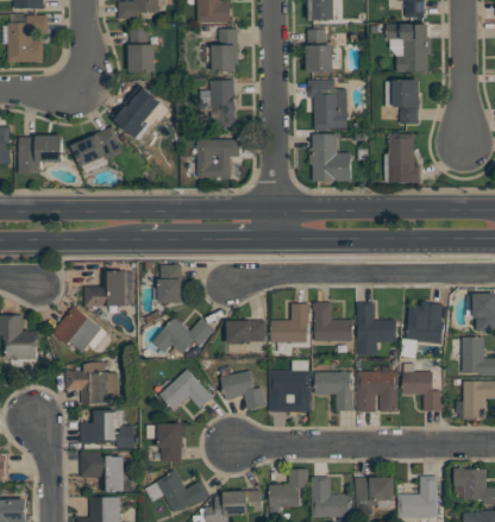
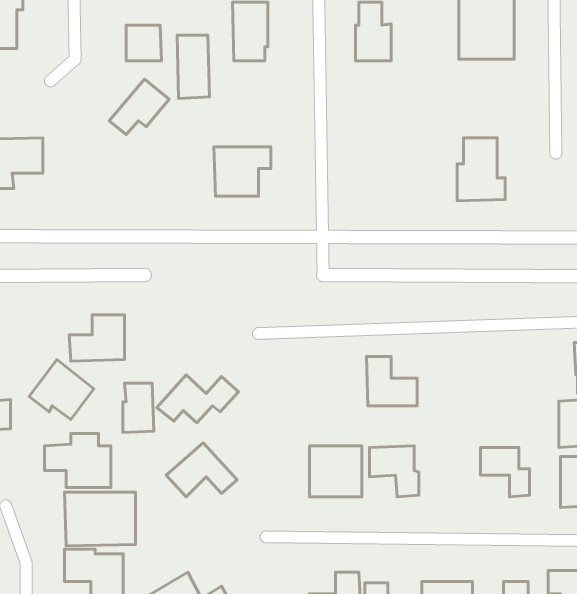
building: [307,80,346,130] -> none
building: [383,80,418,124] -> none
building: [209,81,234,130] -> [177,35,209,98]
building: [70,125,123,166] -> none
building: [308,134,351,181] -> none
building: [158,264,182,302] -> [123,383,154,433]
building: [406,300,444,344] -> none
building: [357,301,396,354] -> none
building: [271,303,308,341] -> none
building: [227,320,264,342] -> none
building: [220,370,267,409] -> none
building: [357,371,397,411] -> none
building: [146,422,182,463] -> none

